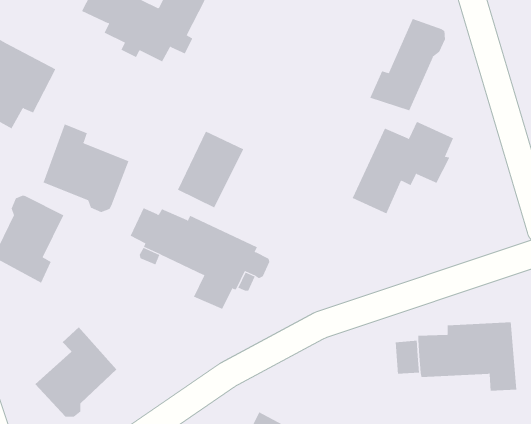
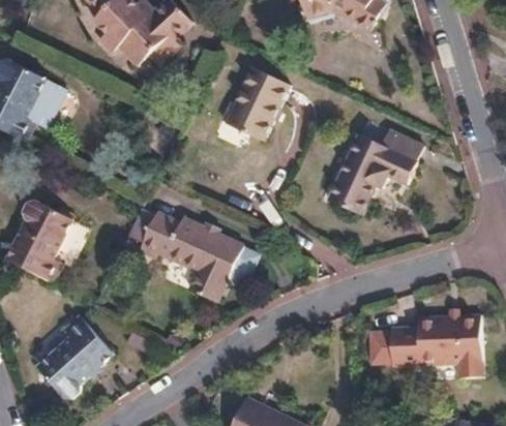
building: [369,18,446,111] -> none
building: [43,123,129,213] -> none
building: [177,131,244,208] -> [229,68,290,139]

